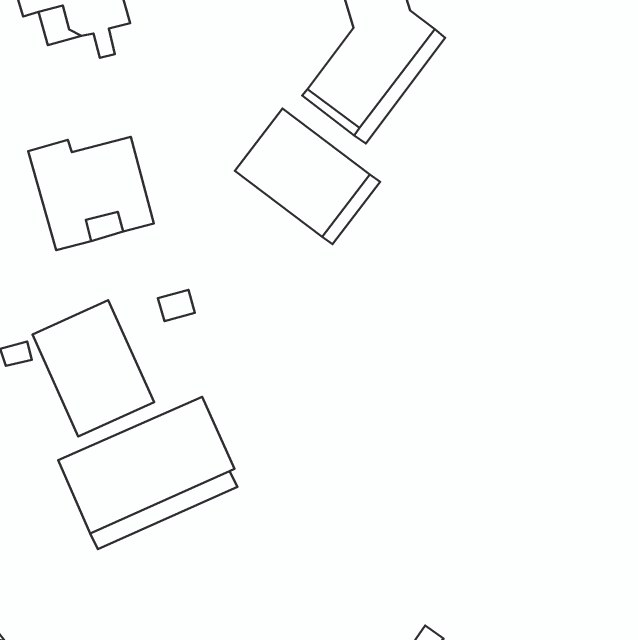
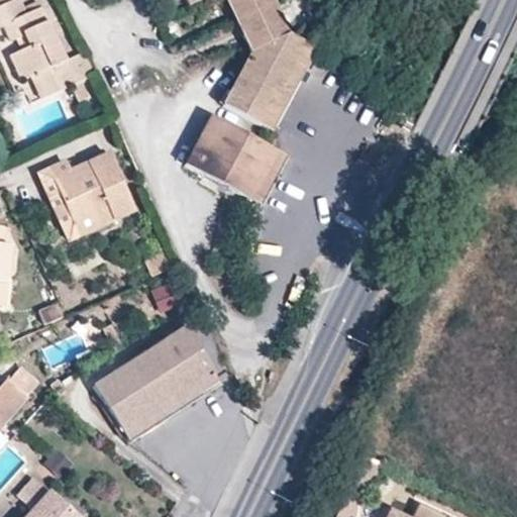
building: [32,300,154,437] -> none

